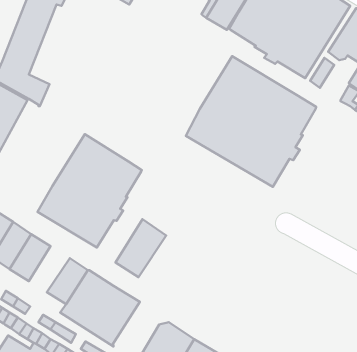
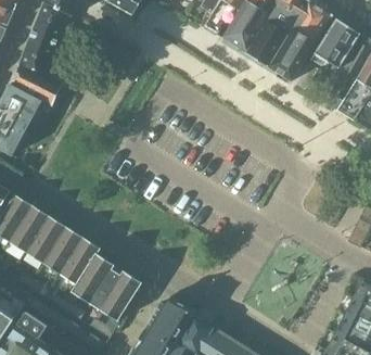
building: [186,56,316,187] -> none
building: [38,134,142,247] -> none
building: [115,219,166,277] -> none
building: none -> [42,231,79,272]

